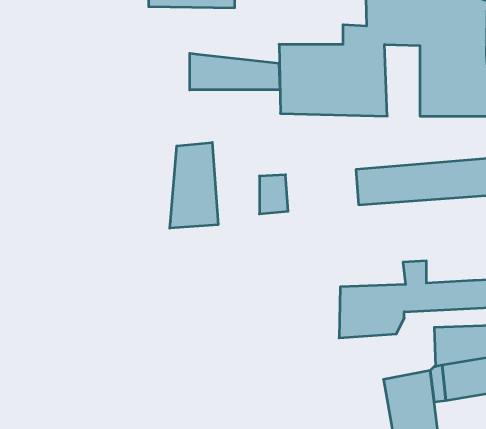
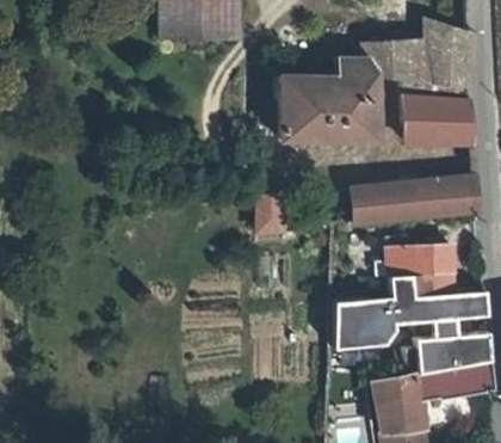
building: [190,53,280,90] -> none
building: [170,142,218,228] -> none
building: none -> [391,246,457,295]

